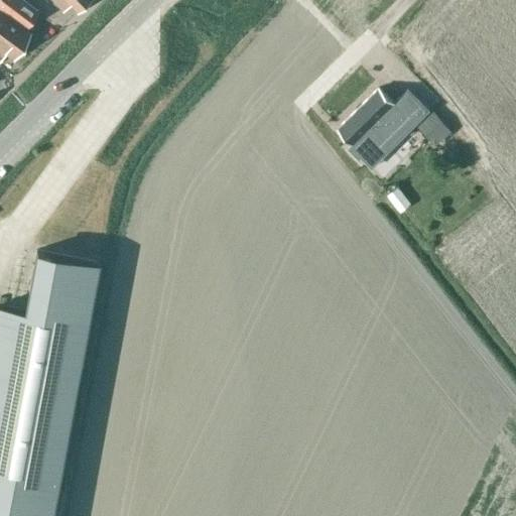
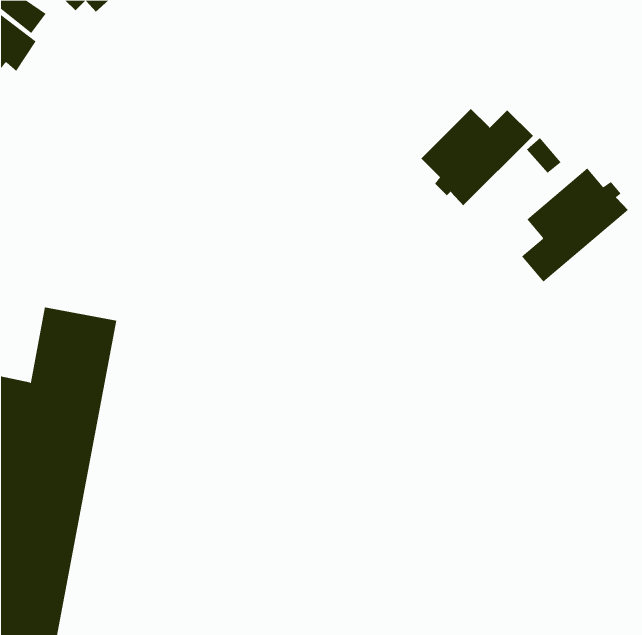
building: none -> [521,168,629,282]

